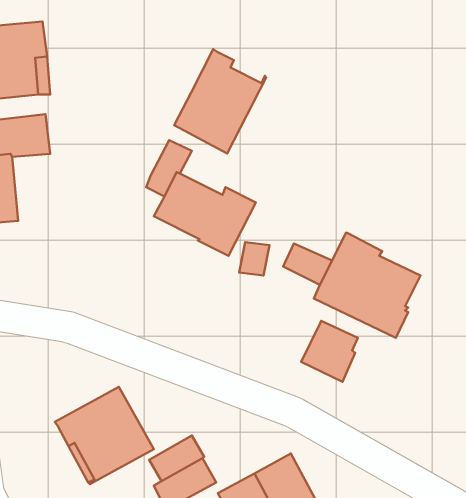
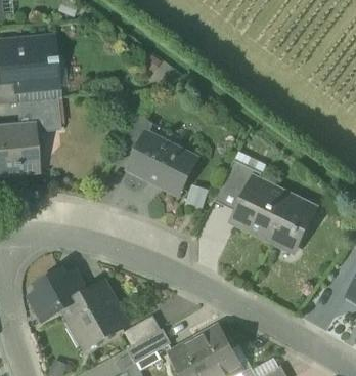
building: [174,49,266,153] -> none
building: none -> [222,161,262,198]
building: [301,321,358,382] -> none
building: none -> [30,271,86,321]

